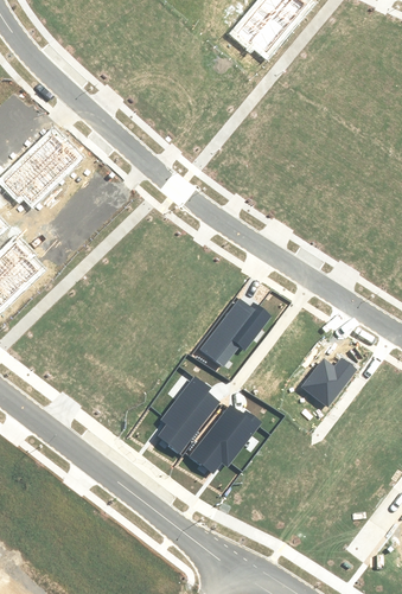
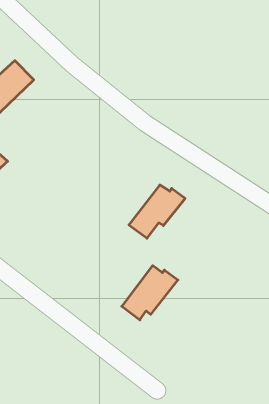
building: [301,355,358,405] -> none
building: [157,373,221,452] -> none

